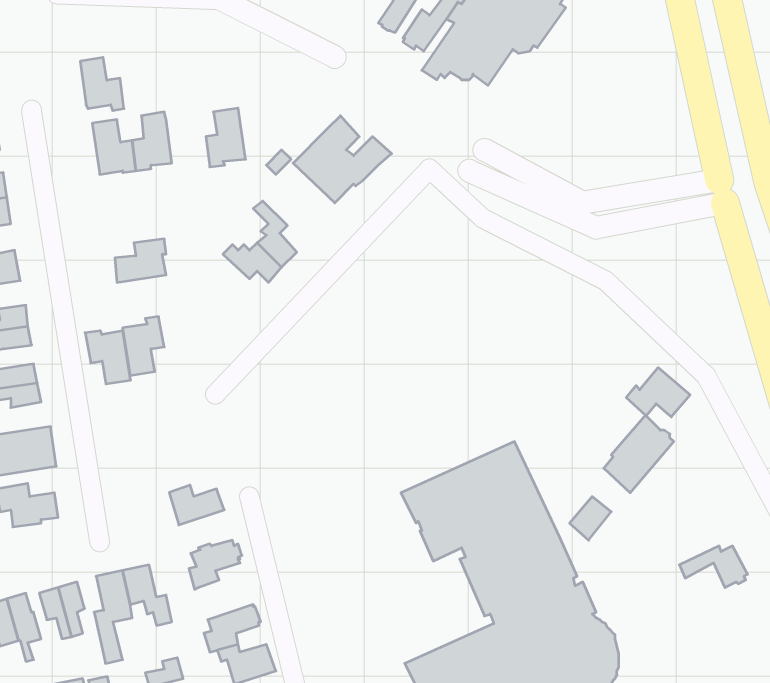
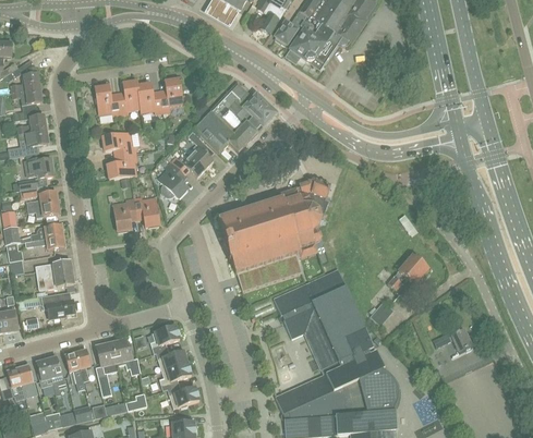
building: [80,57,124,111] -> [137,82,162,112]
building: none -> [193,104,276,153]
building: none -> [102,132,136,155]
building: none -> [158,161,187,197]
building: none -> [218,179,331,291]
building: [85,331,131,384] -> [133,196,159,227]
building: [626,368,690,417] -> none
building: [169,485,224,525] -> [156,349,187,372]

